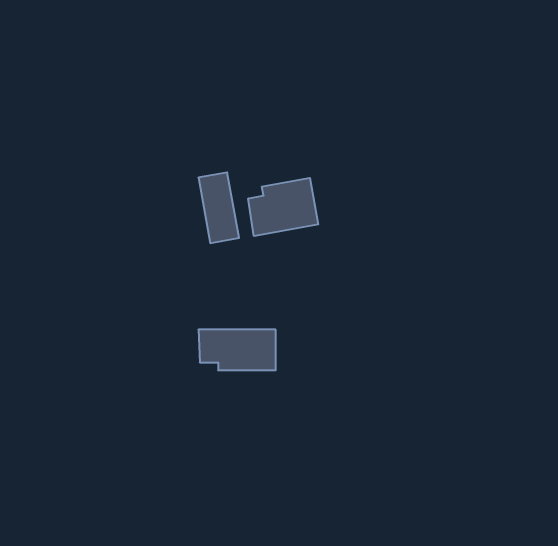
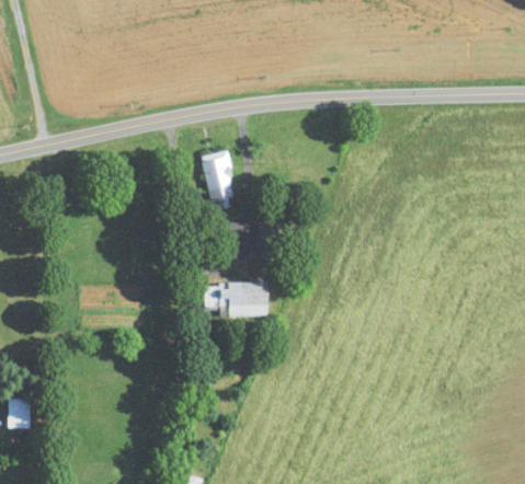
building: [248,178,318,236] -> none

